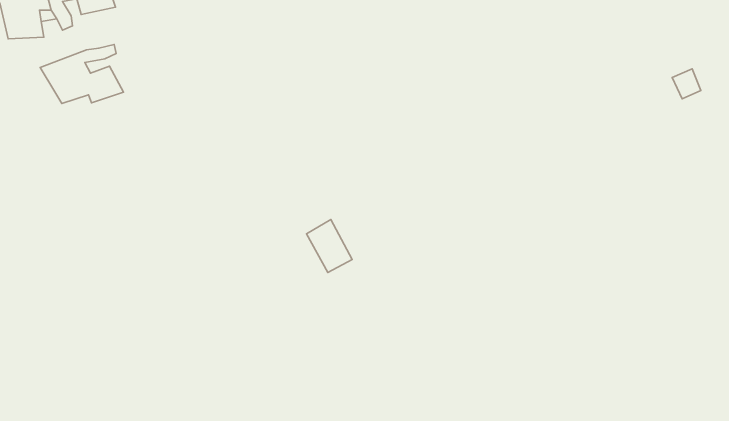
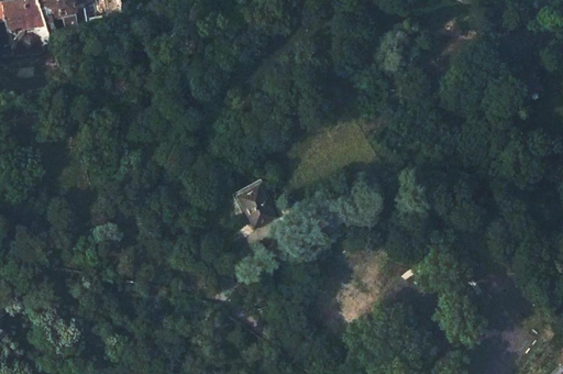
building: [40,45,124,104] -> none

